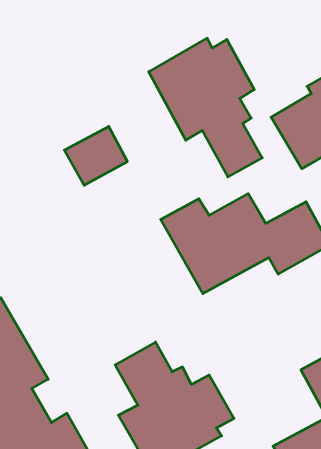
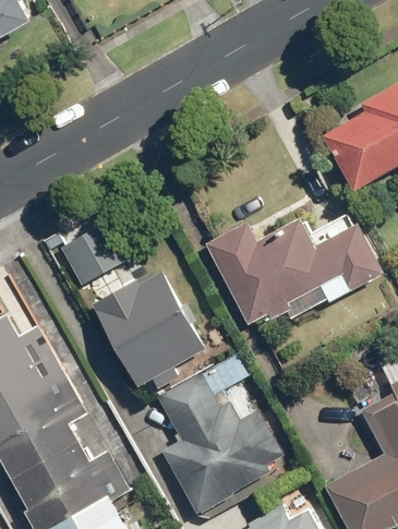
building: [149,38,262,177] -> none
building: [64,126,127,185] -> [59,224,125,286]
building: none -> [93,267,207,386]

